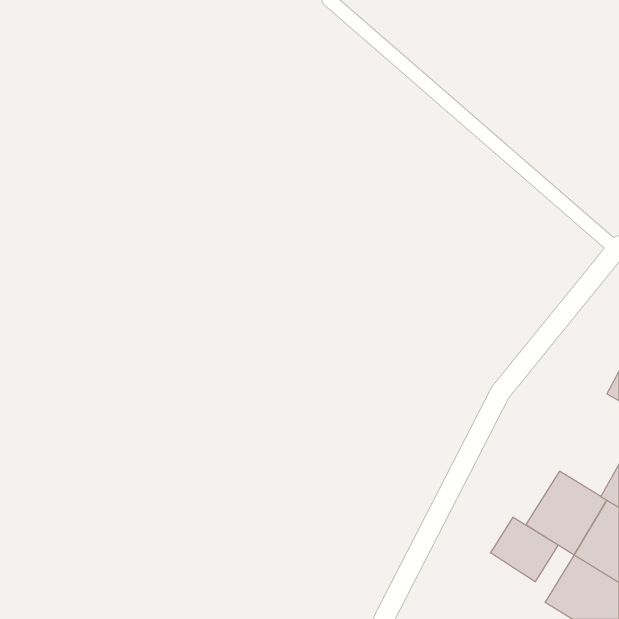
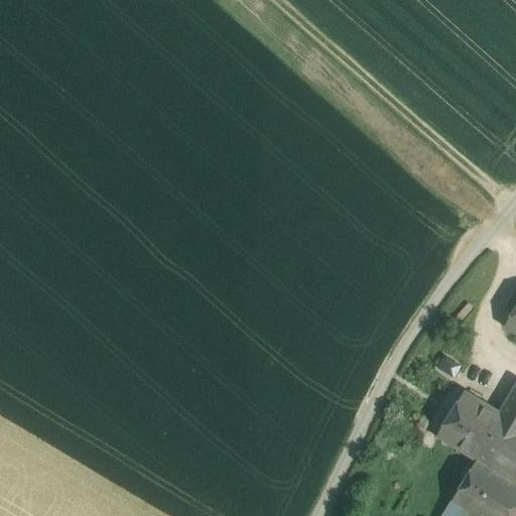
building: [491,517,558,582] -> none

